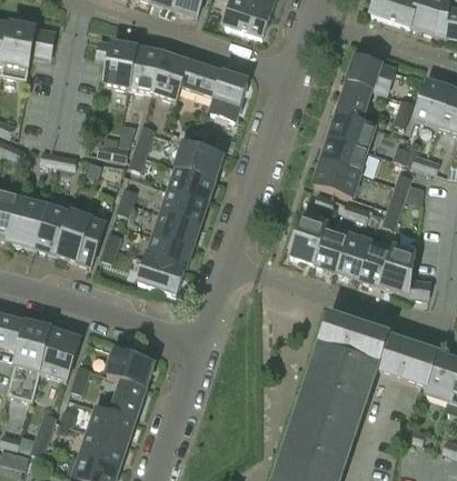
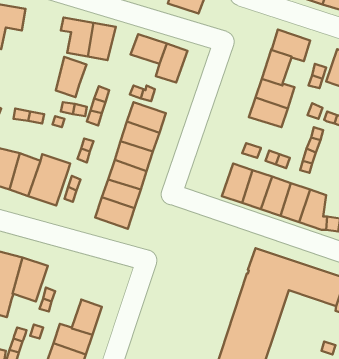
building: [152,52,189,100] -> [56,57,87,97]
building: [314,160,360,197] -> none
building: [107,349,153,387] -> none

